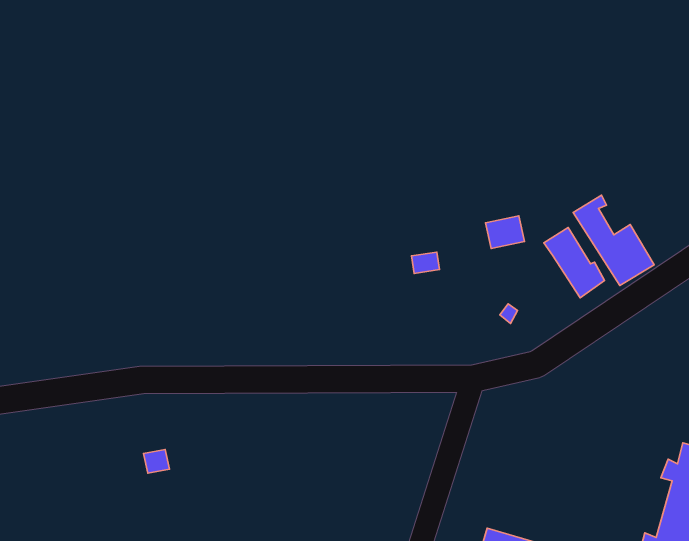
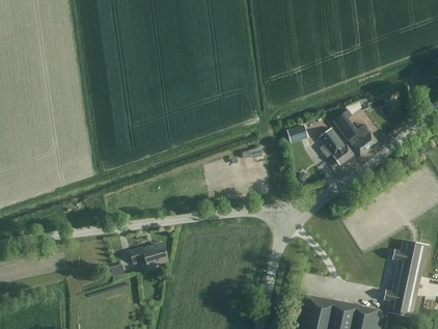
building: none -> [128,242,167,267]

